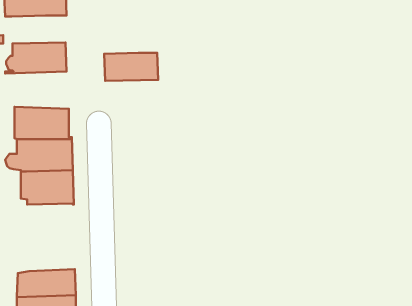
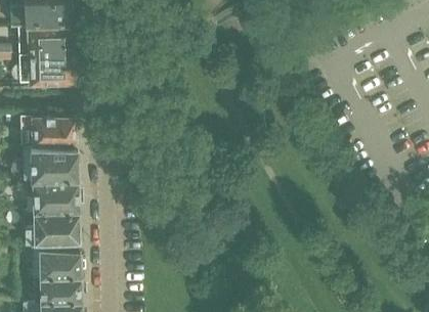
building: [104,53,158,81] -> [18,25,72,52]
building: none -> [26,210,80,241]
building: none -> [25,247,81,276]

